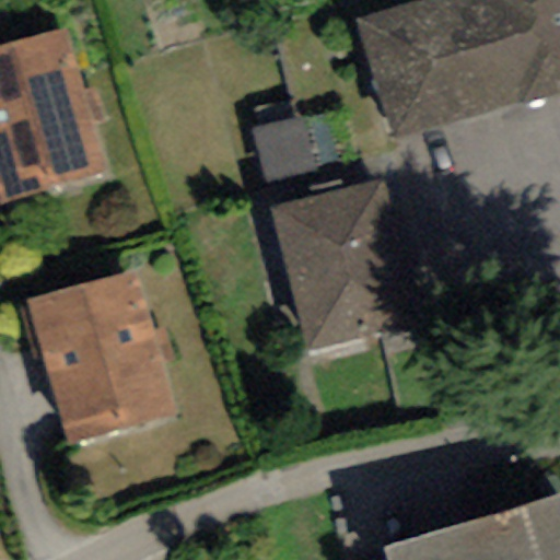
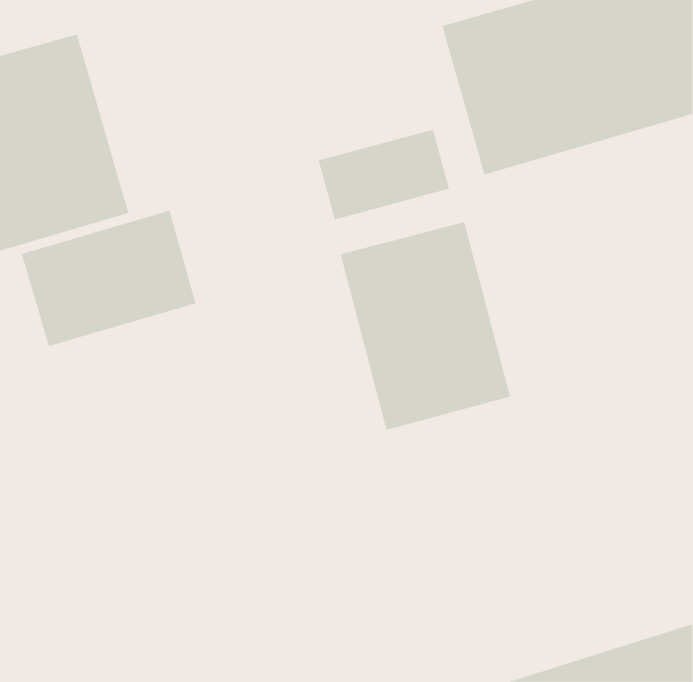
building: none -> [21,210,196,347]
building: [19,269,175,444] -> none

